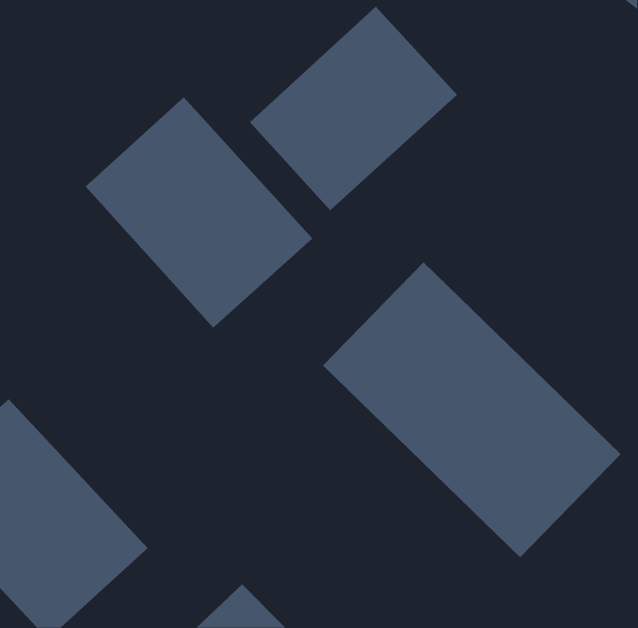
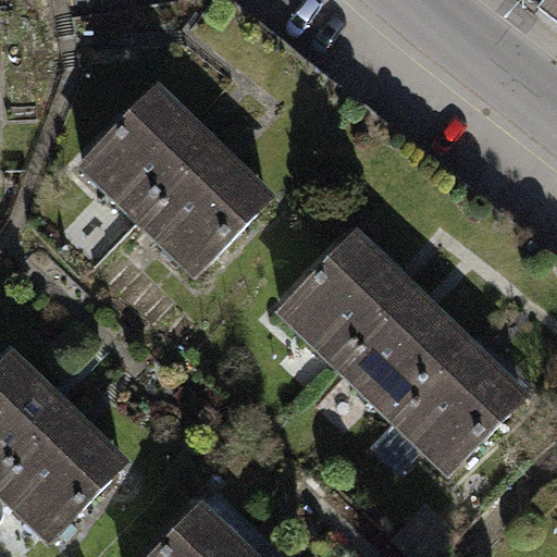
building: [249,6,458,211] -> none

